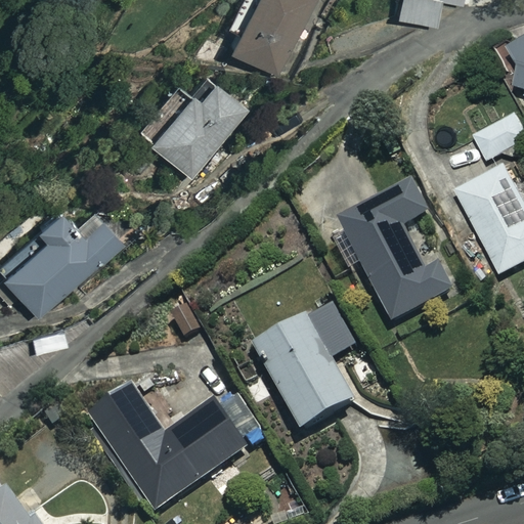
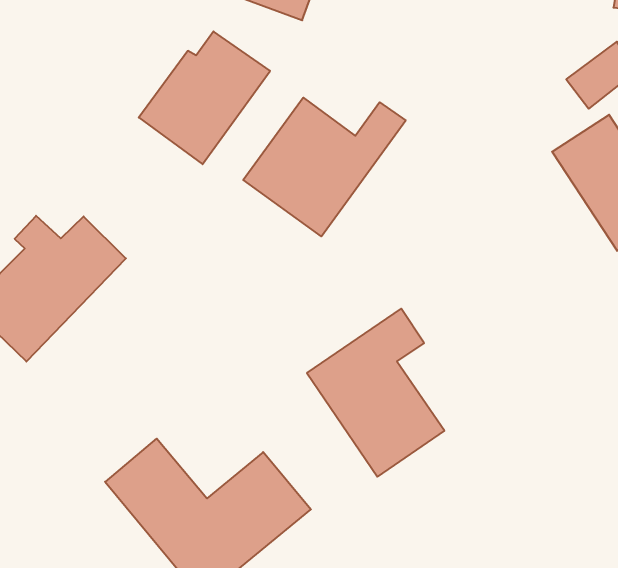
building: none -> [243,98,406,236]
building: [335,183,452,322] -> none

